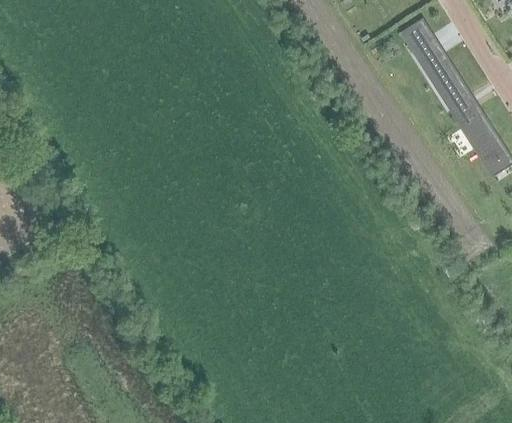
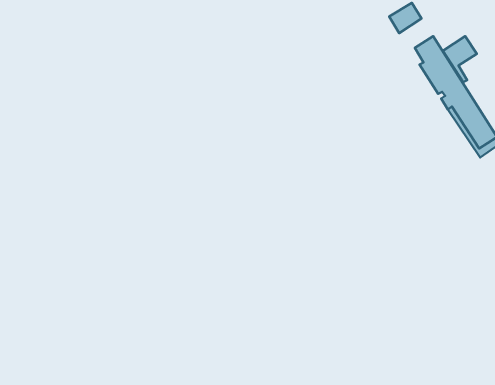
building: [409,35,444,82] -> [443,36,477,82]

